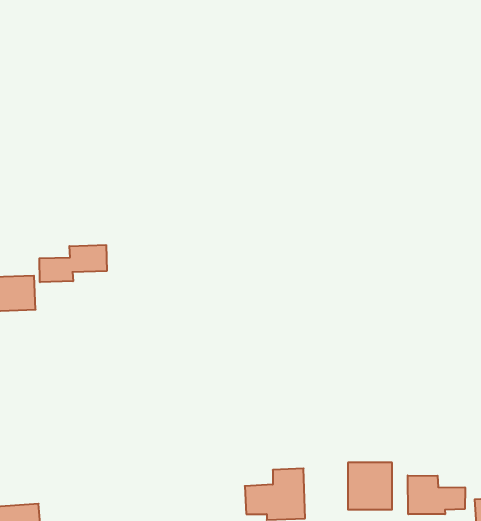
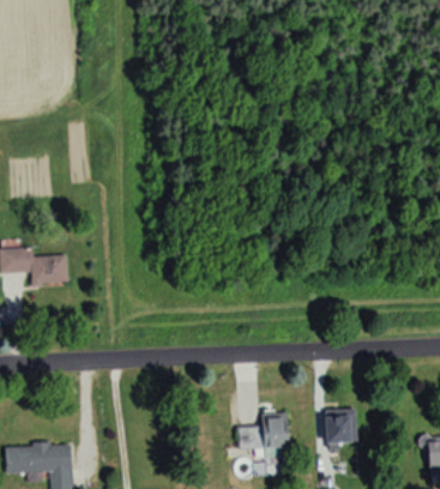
building: [39,245,107,282] -> none
building: [408,475,465,514] -> none

